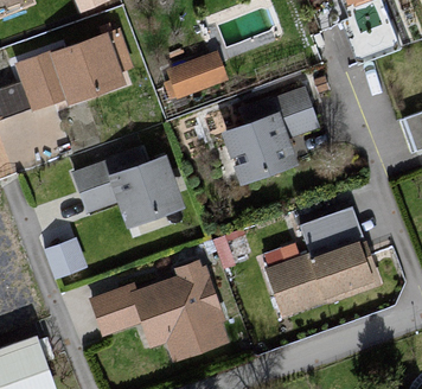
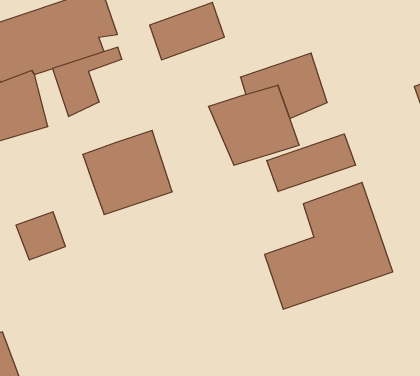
building: [72,155,134,217] -> [52,47,122,117]
building: none -> [267,134,356,192]
building: [89,255,229,358] -> none

